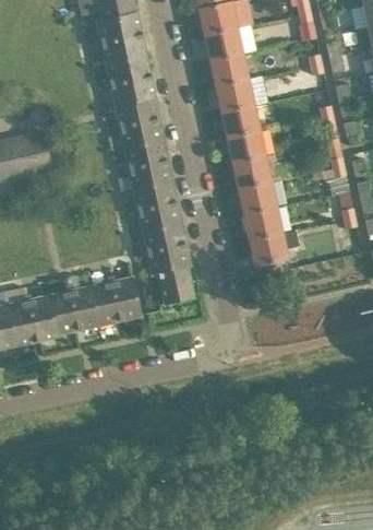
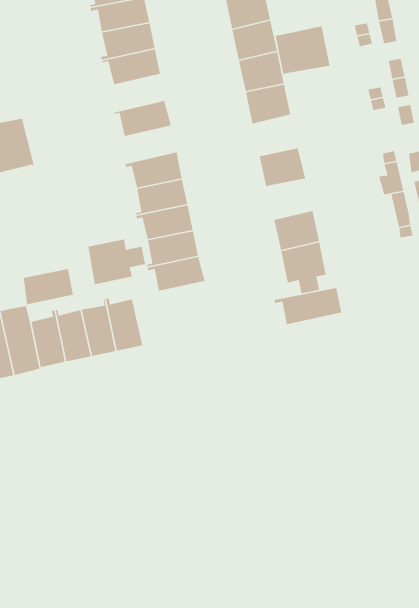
building: none -> [275,26,331,75]
building: [116,98,158,129] -> none
building: [228,131,265,164] -> none
building: [124,140,168,170] -> none
building: [239,182,277,215] -> none
building: none -> [88,238,146,285]
building: none -> [23,268,74,305]
building: [158,266,194,304] -> none
building: none -> [274,287,342,325]

